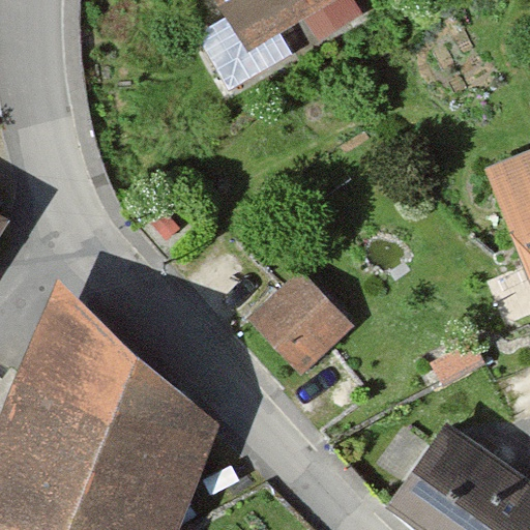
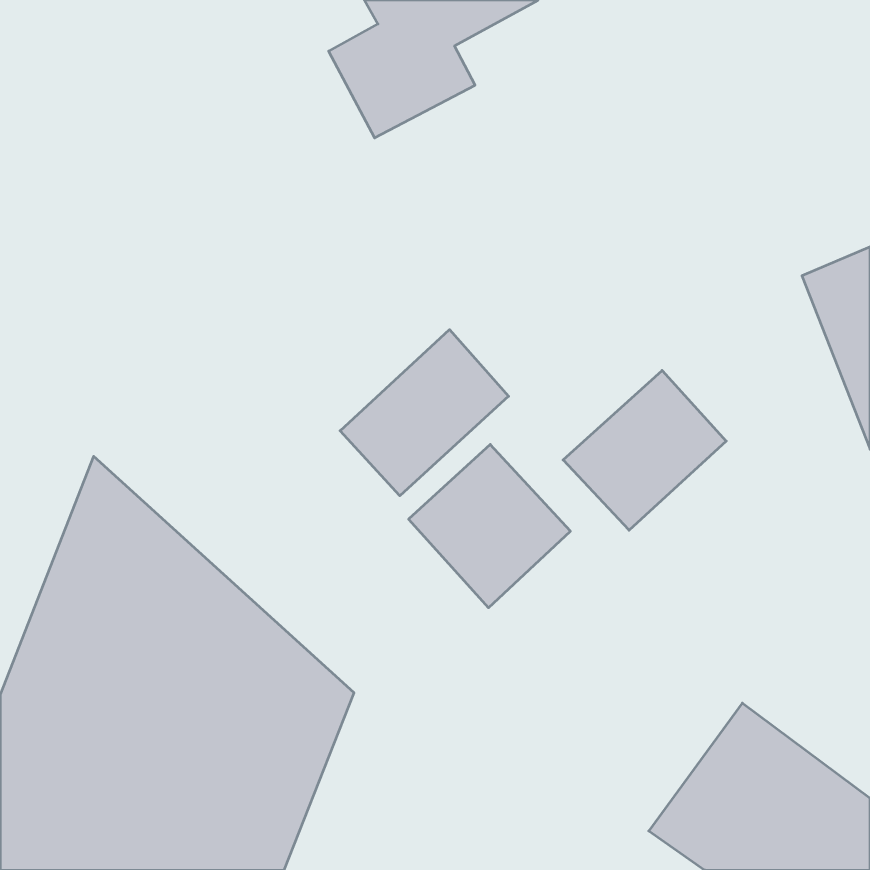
building: none -> [340,330,509,496]
building: none -> [563,370,726,530]

